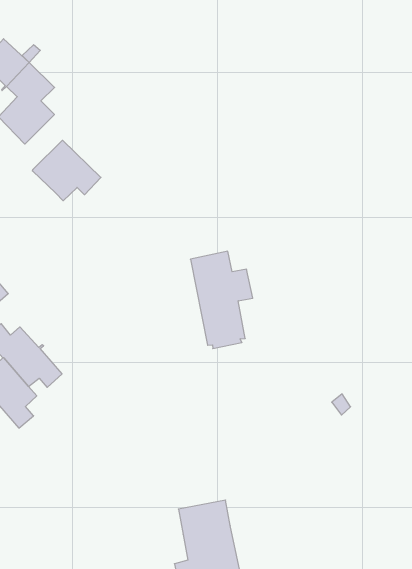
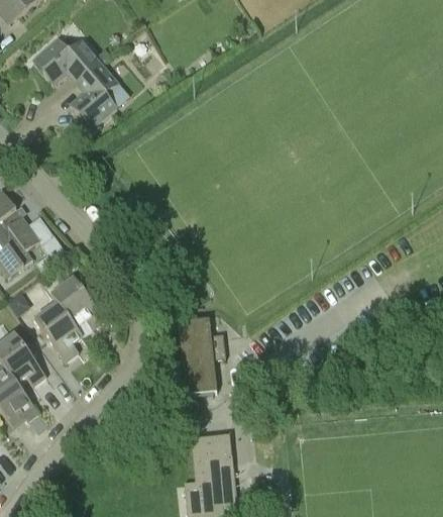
building: [32,140,101,201] -> none
building: [190,251,253,349] -> [177,318,225,397]

